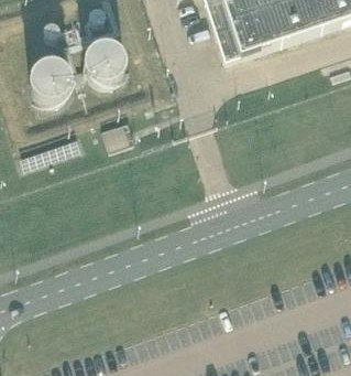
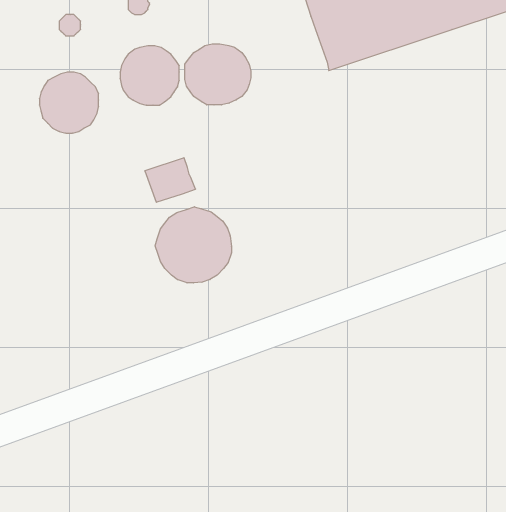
building: none -> [185,44,251,105]
building: none -> [155,207,231,283]

